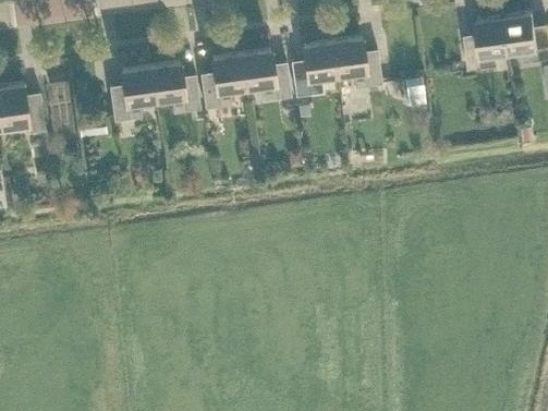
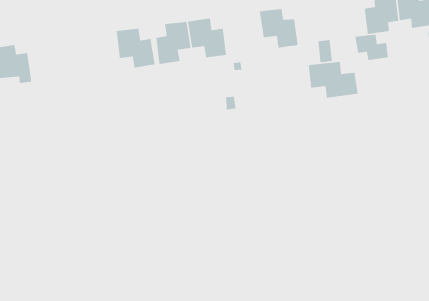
building: [291,43,337,98] -> none
building: [109,68,155,123] -> none
building: none -> [355,34,388,61]
building: none -> [308,61,359,98]

